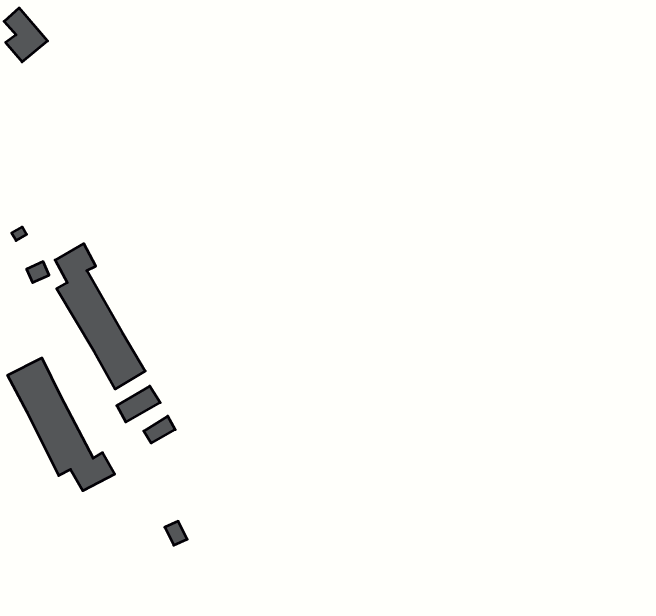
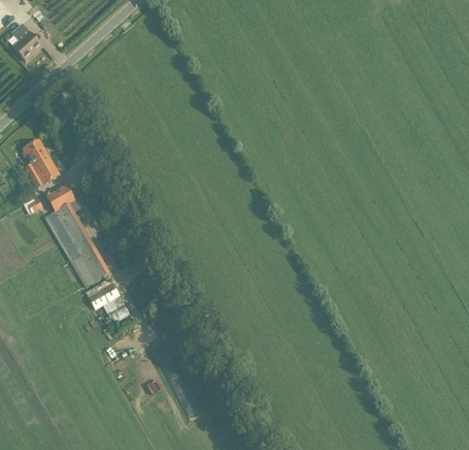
building: none -> [23,139,59,188]
building: [8,358,115,491] -> none

